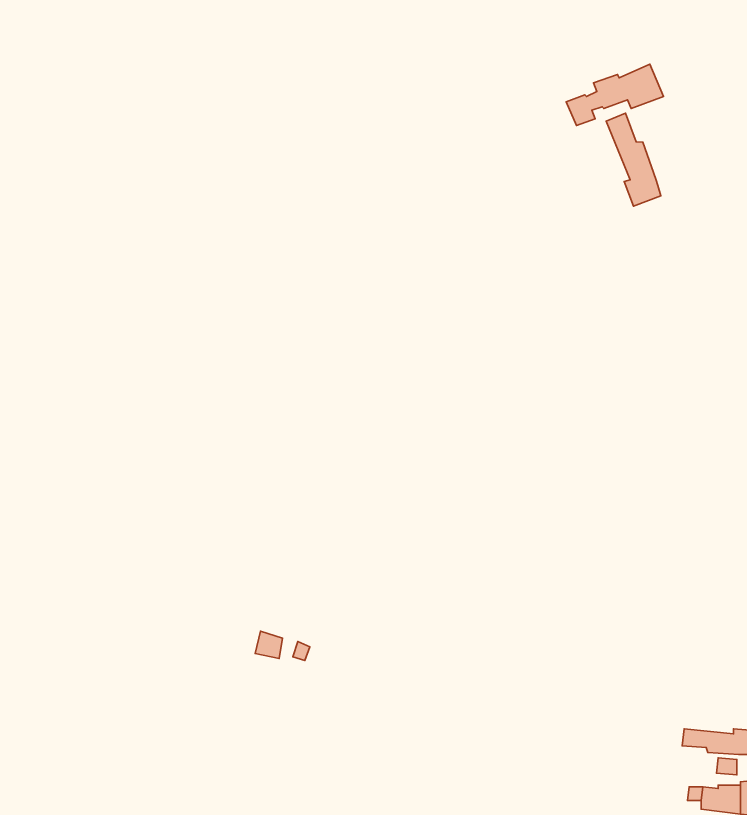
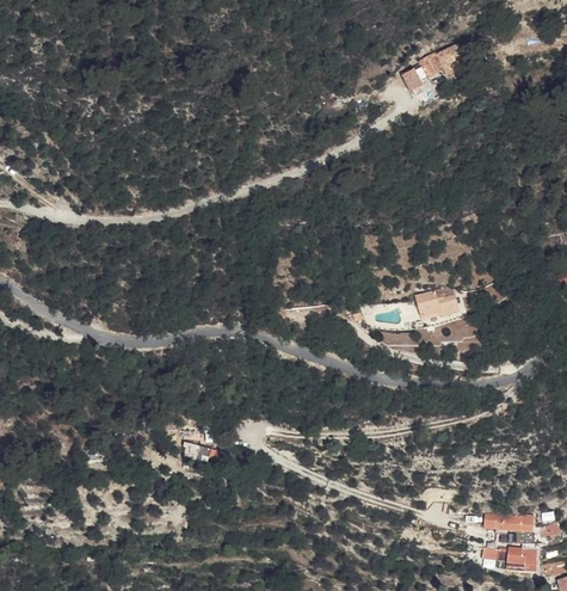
building: [606,113,661,206] -> none
building: none -> [415,285,461,318]

